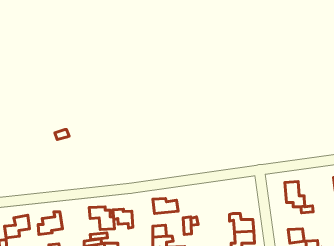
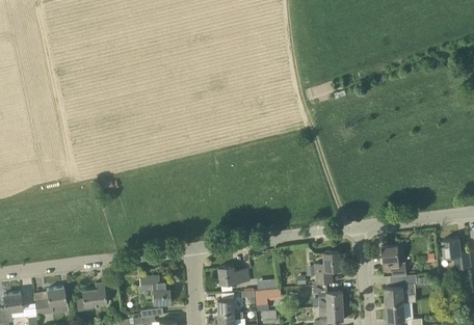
building: none -> [315,252,341,285]
building: [113,209,133,228] -> none
building: none -> [385,287,416,304]

